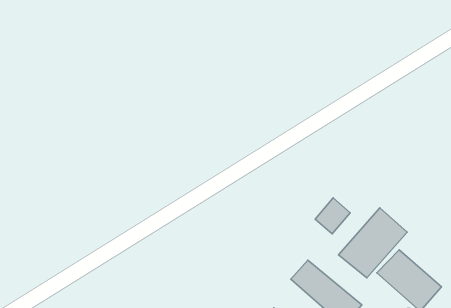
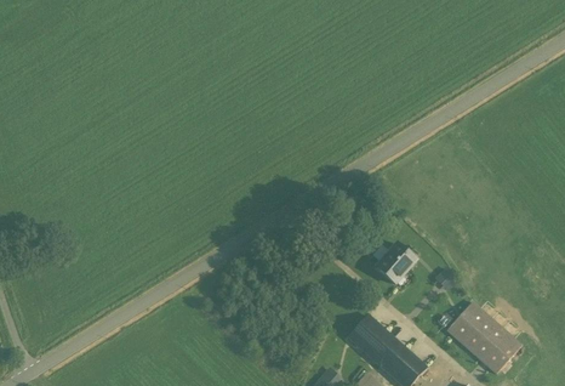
building: [338,208,407,278] -> none

